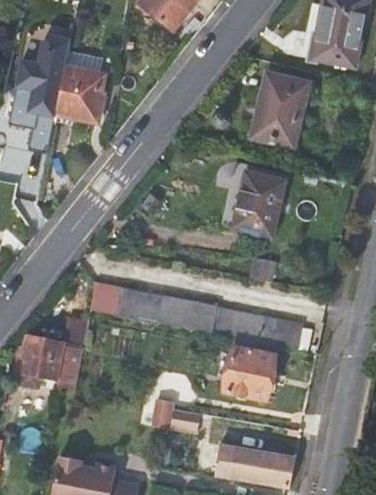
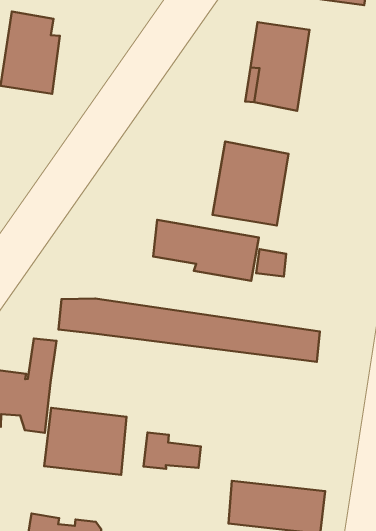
building: none -> [153,220,259,281]
building: [225,338,275,398] -> none
building: none -> [44,408,127,475]

